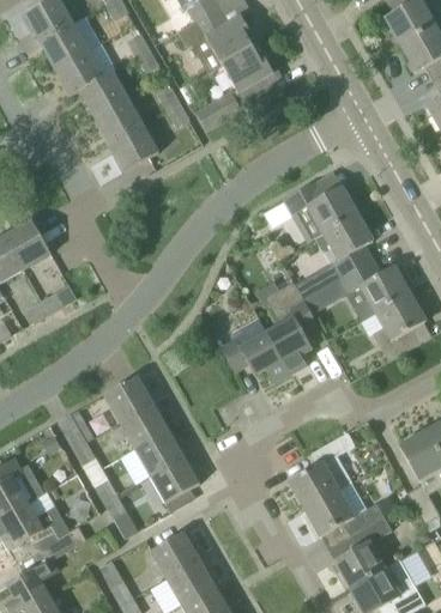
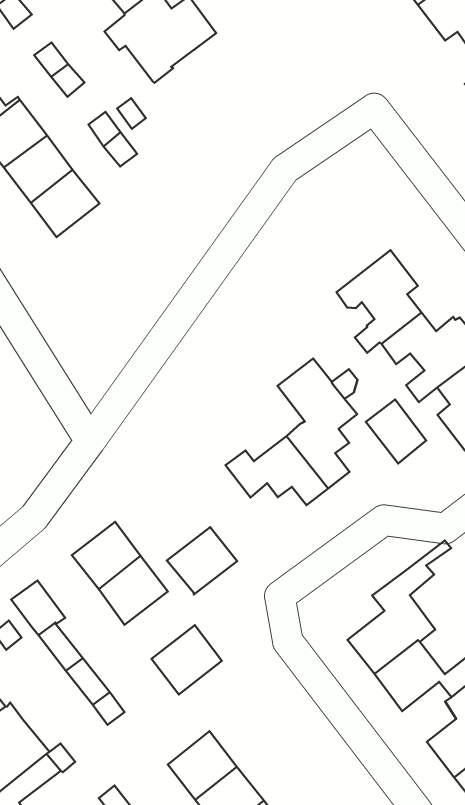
building: [195,44,273,131] -> none
building: [284,182,357,241] -> none
building: none -> [366,400,426,463]
building: [134,430,183,475] -> [167,527,237,594]

